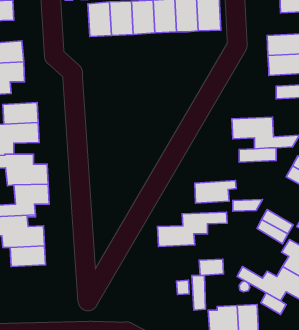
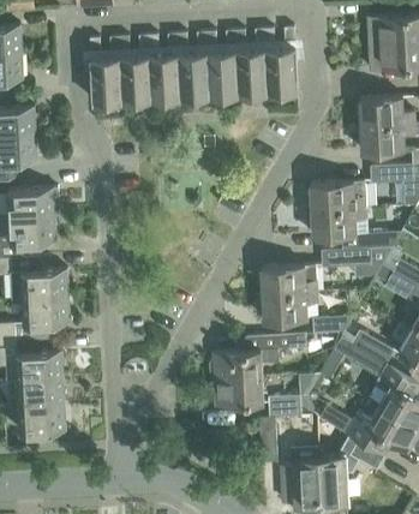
building: none -> [90,58,122,103]
building: none -> [305,181,365,210]
building: none -> [261,265,316,295]
building: none -> [214,377,263,406]
building: none -> [18,404,65,432]

